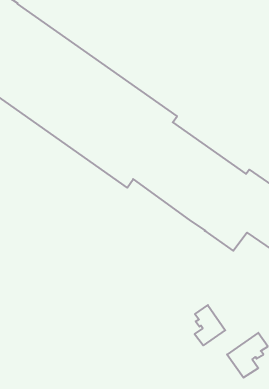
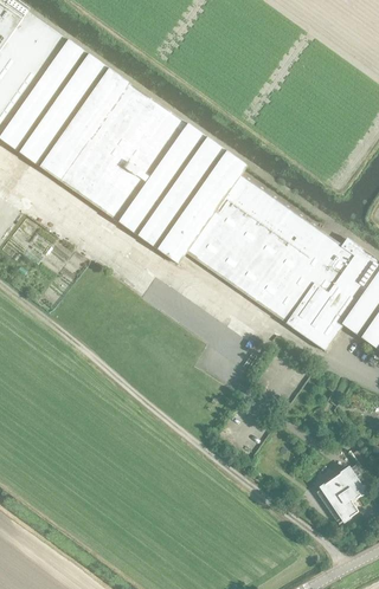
building: [195,305,225,345] -> none

